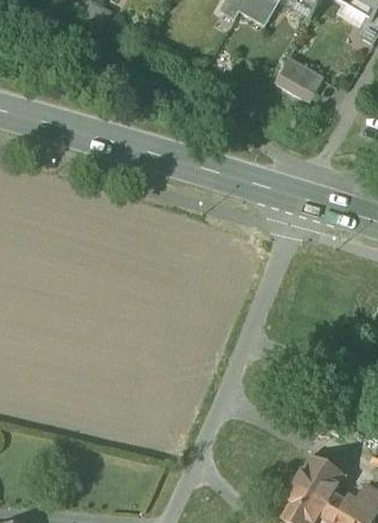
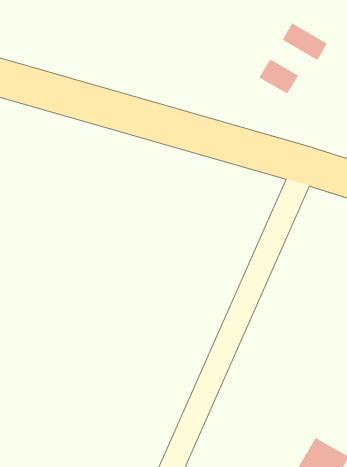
building: none -> [259,58,299,94]

